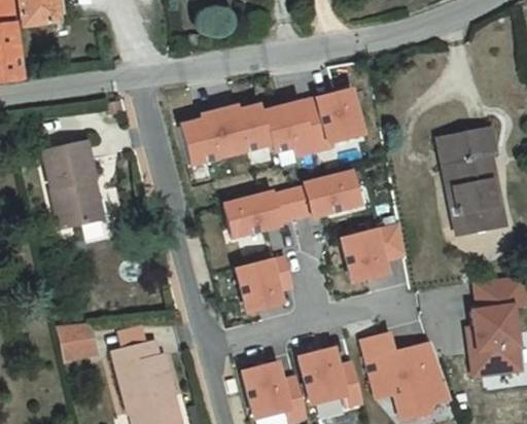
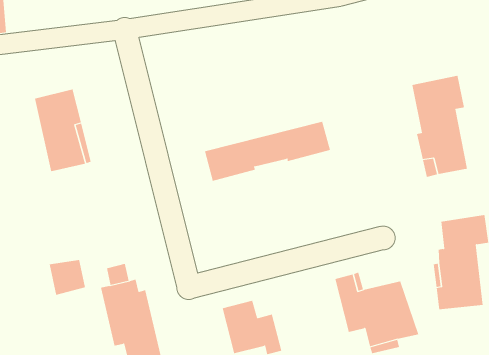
building: [180,89,366,165] -> none
building: [341,222,405,281] -> none
building: [236,254,294,311] -> none
building: [298,348,362,405] -> none

